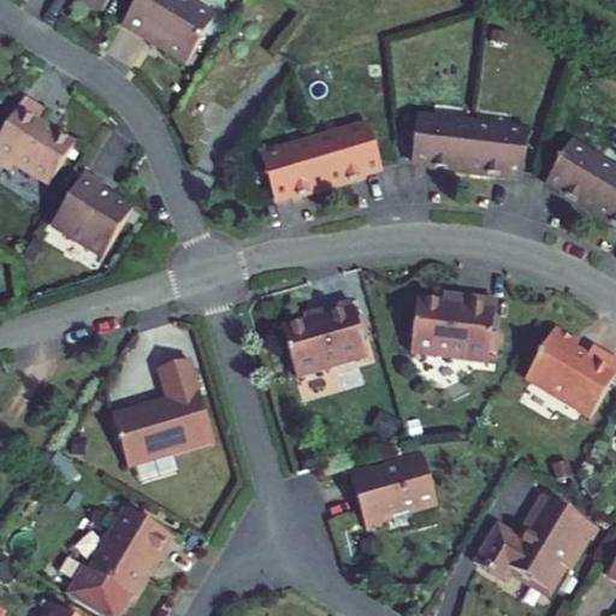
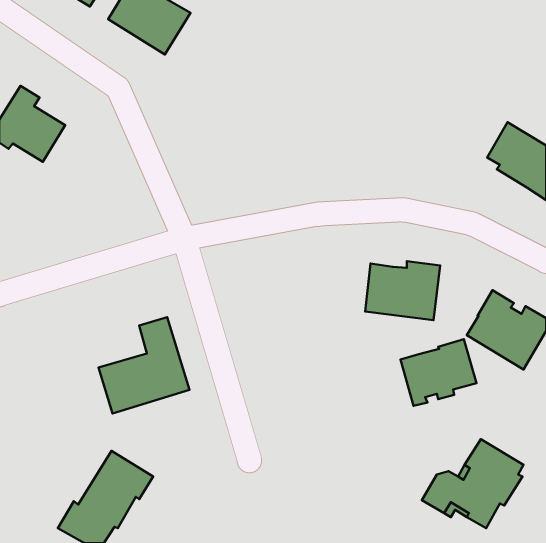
building: [410,113,527,176] -> none
building: [260,120,380,197] -> none
building: [51,168,132,255] -> none
building: [280,300,367,375] -> none
building: [350,454,436,528] -> [401,339,477,406]

